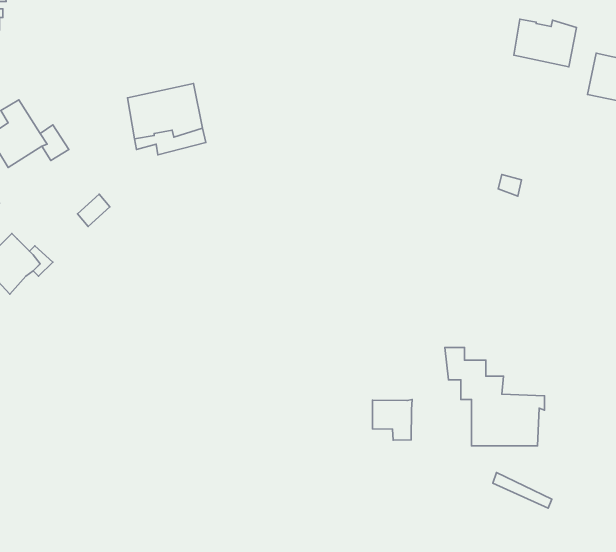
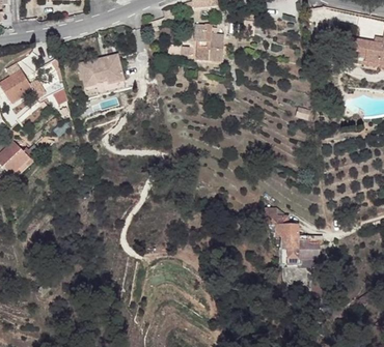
building: [514,19,576,67] -> none
building: none -> [192,23,223,62]
building: [372,400,412,440] -> none

